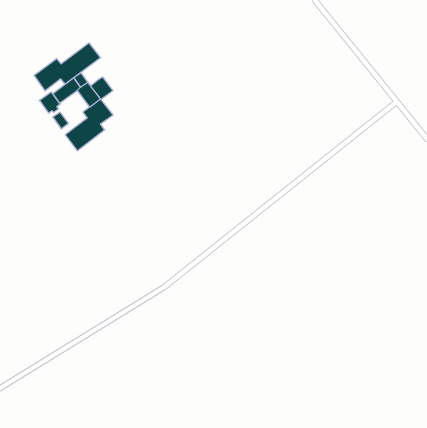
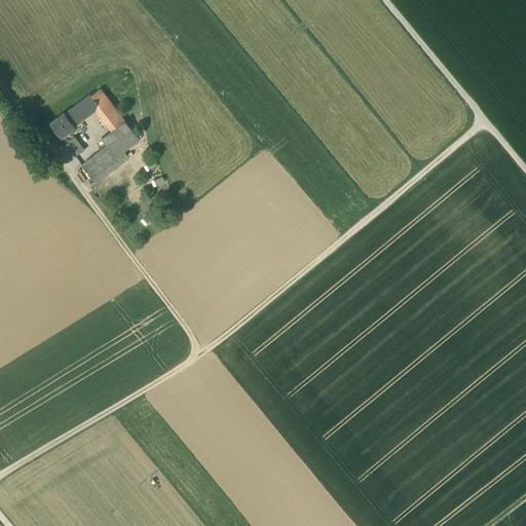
building: [34,43,100,91] -> none
building: [91,77,113,100] -> none

